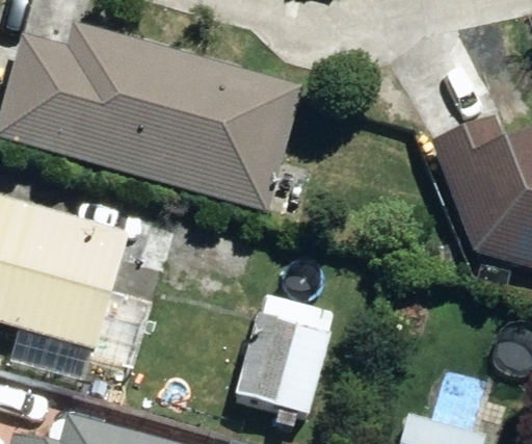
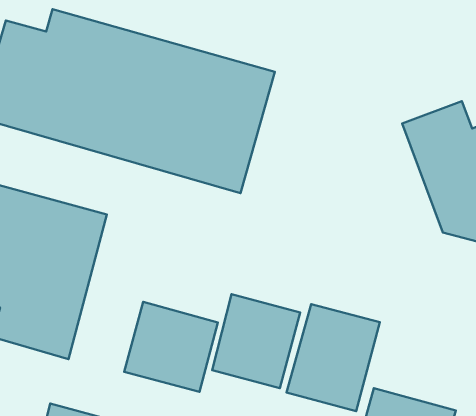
building: none -> [124,302,218,392]
building: none -> [287,304,380,411]

